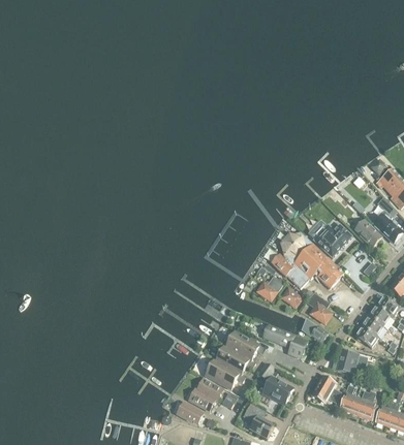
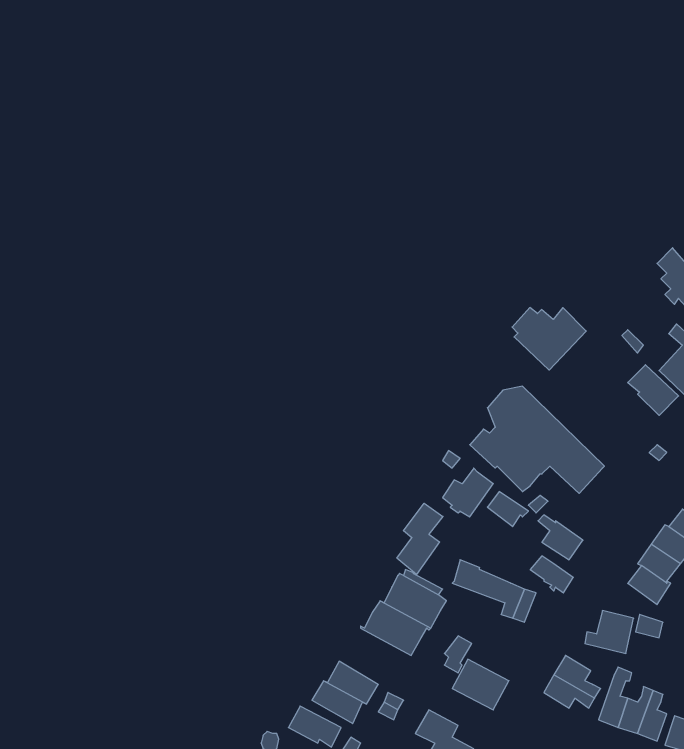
building: [312,224,351,257] -> [512,308,586,370]
building: none -> [397,503,443,575]
building: [206,359,241,388] -> none

